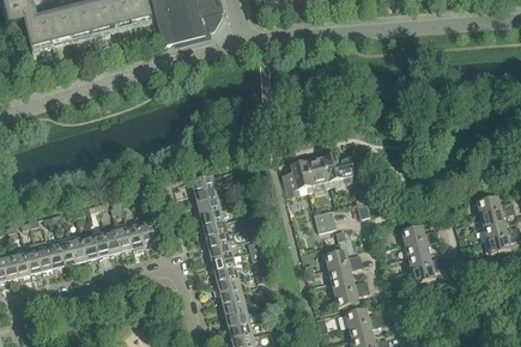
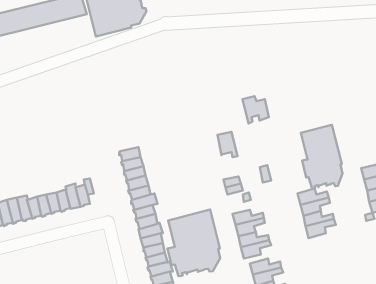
building: none -> [301,125,343,189]
building: [323,154,355,187] -> [242,96,269,123]
building: [283,162,314,196] -> none
building: none -> [167,210,220,276]

